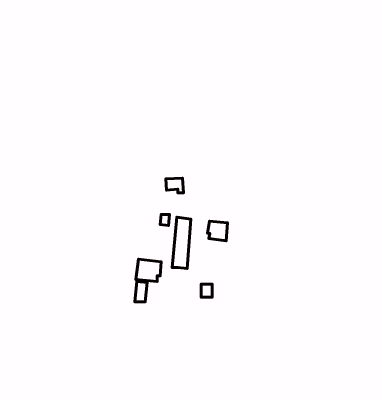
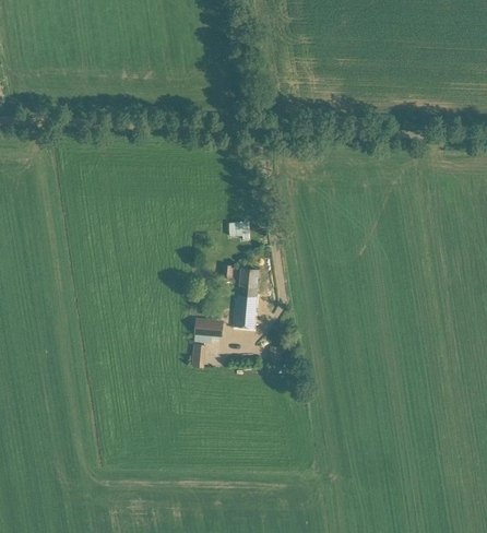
building: [208,221,228,241] -> none

